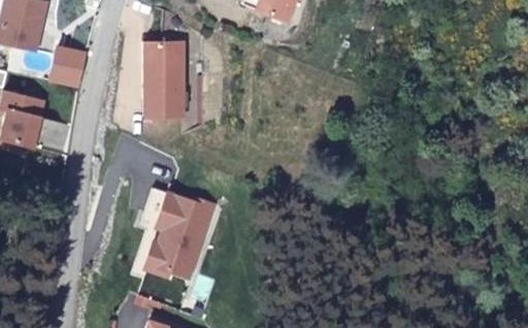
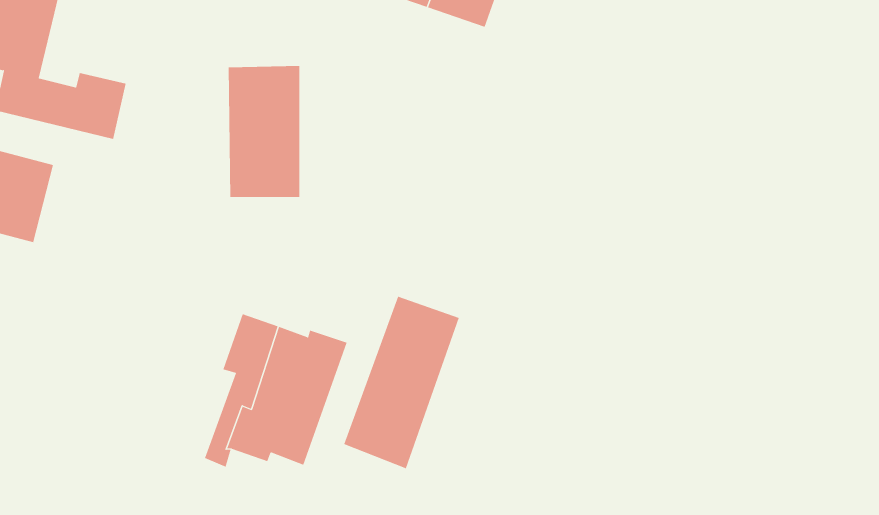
building: none -> [343,296,460,469]

